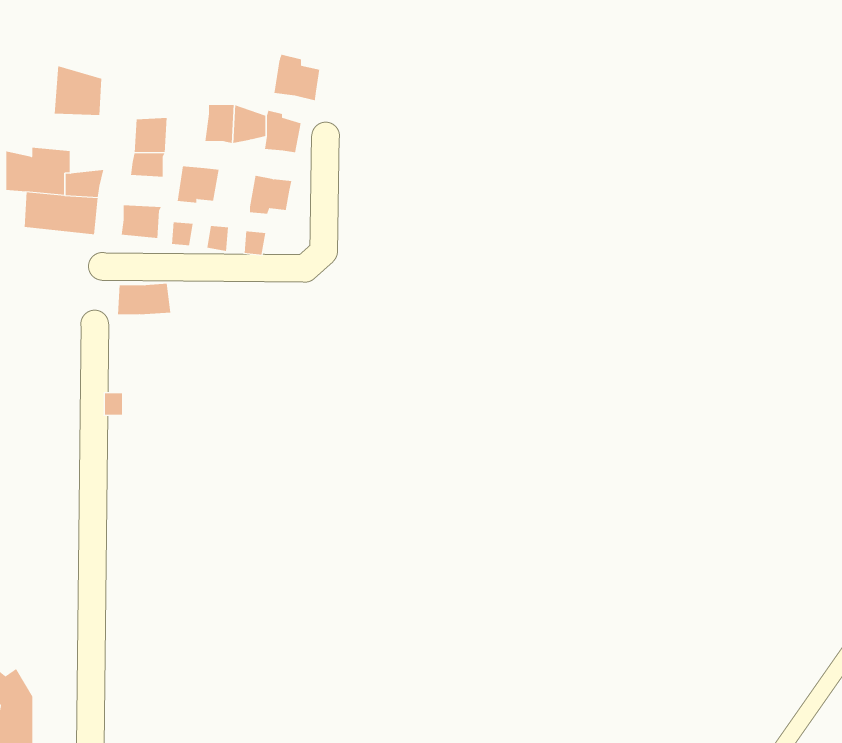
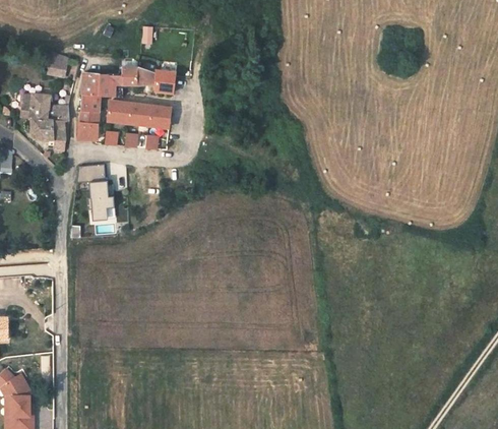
building: [274,54,320,101] -> none
building: none -> [101,72,125,98]
building: none -> [128,103,150,124]
building: none -> [75,106,101,123]
building: none -> [85,181,112,220]

